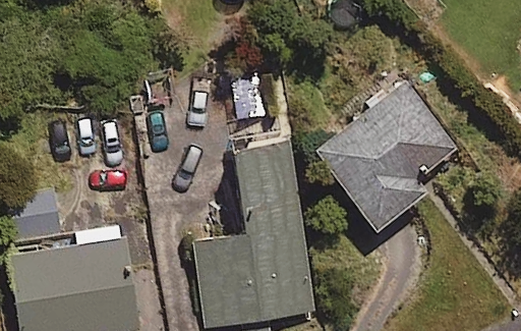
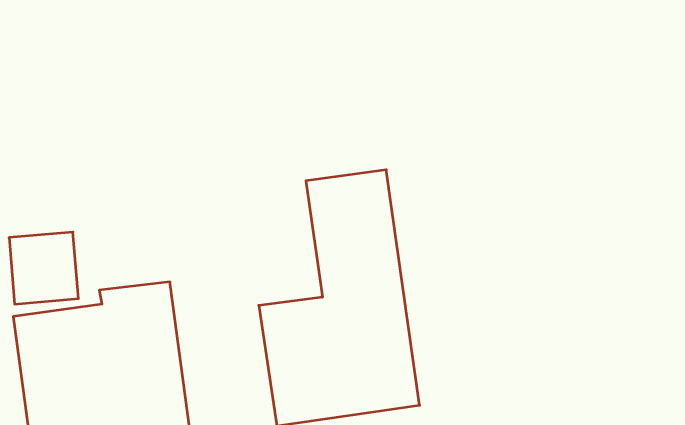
building: [309,78,456,233] -> none

